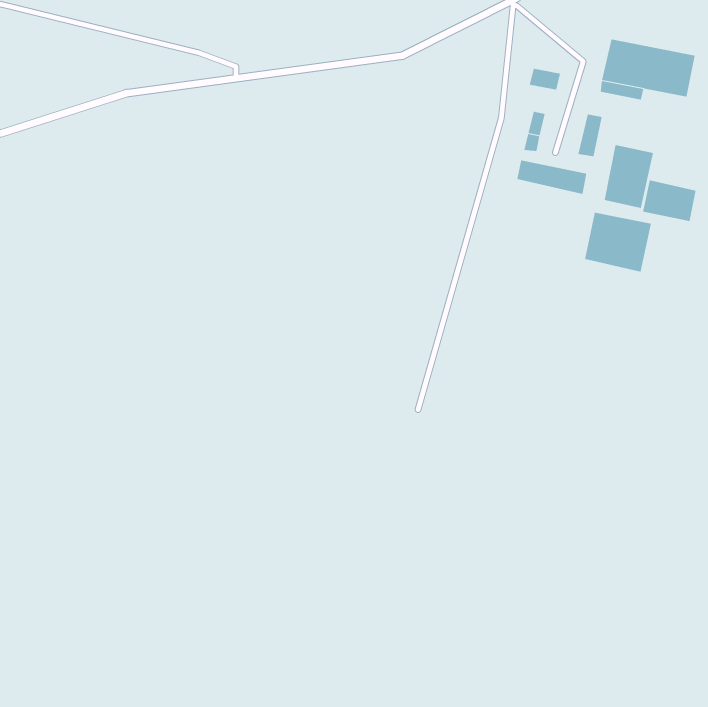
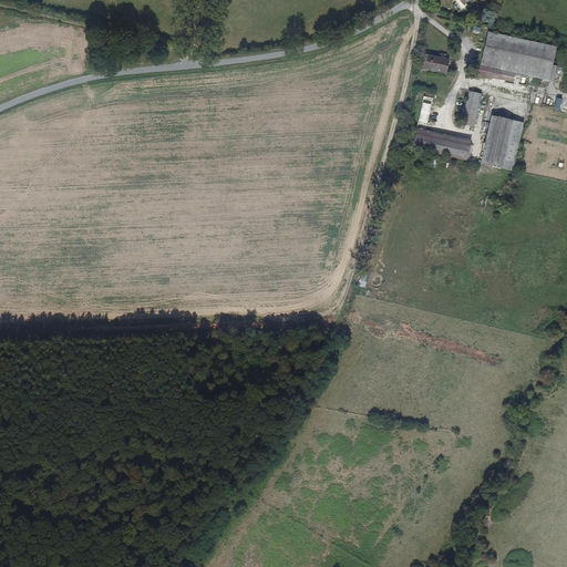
building: [642,179,696,222] -> none
building: [585,212,651,273] -> none

